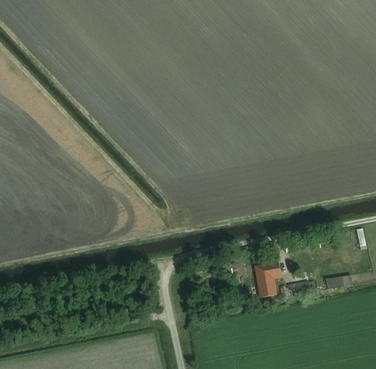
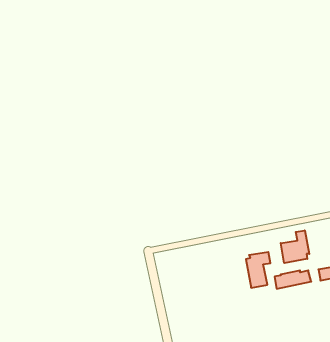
building: none -> [281,230,309,263]

